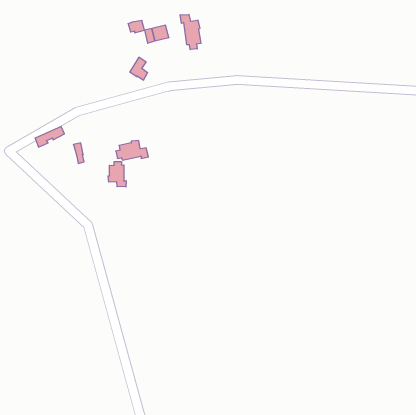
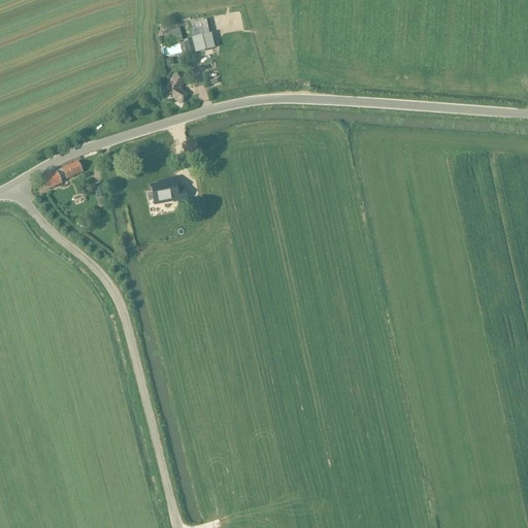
building: [180,14,201,50] -> none
building: [108,162,126,187] -> none

